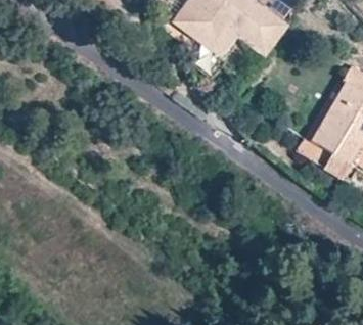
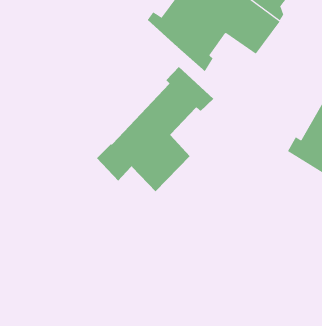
building: none -> [96,66,214,192]

